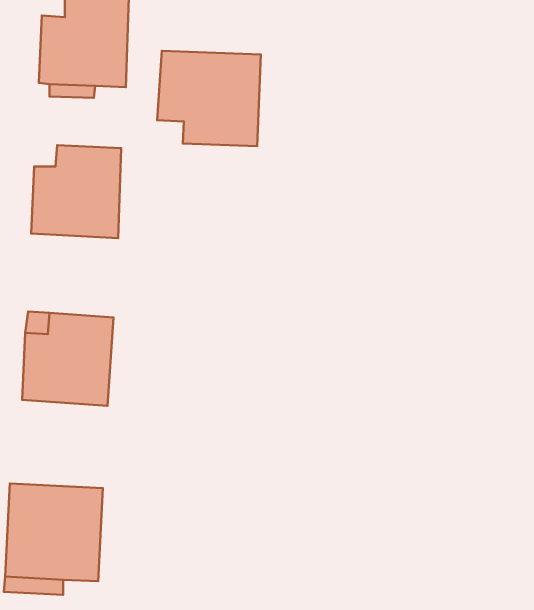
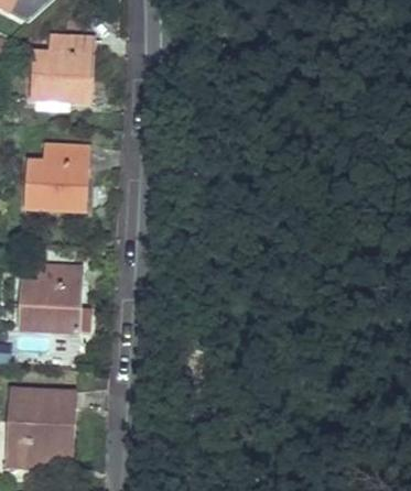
building: [157,51,261,146] -> none

